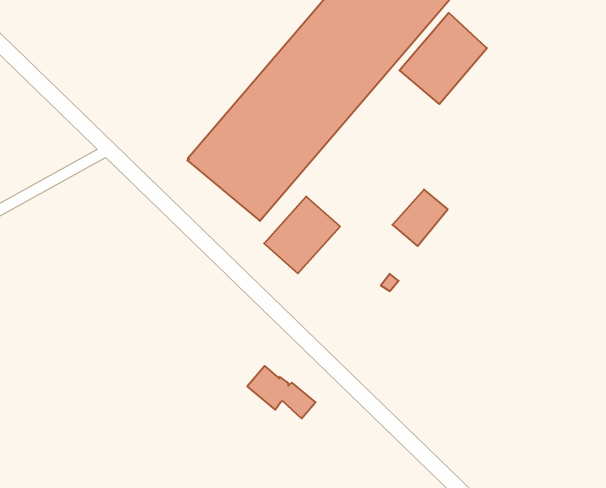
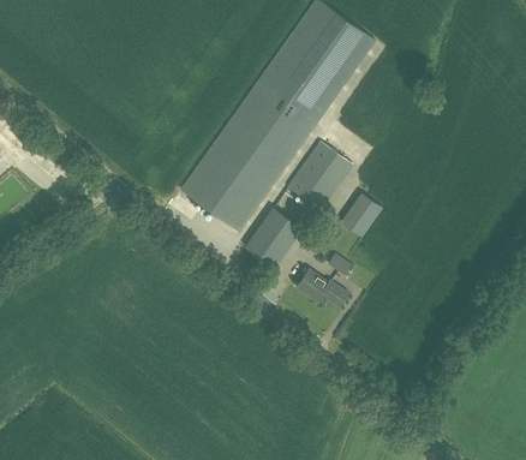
building: [399,13,487,104] -> [287,141,352,210]
building: [247,366,316,418] -> [295,270,348,307]

